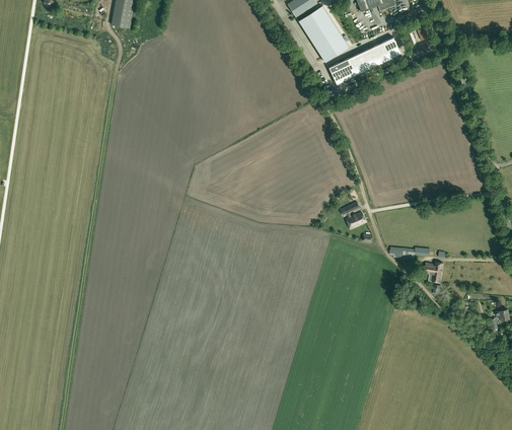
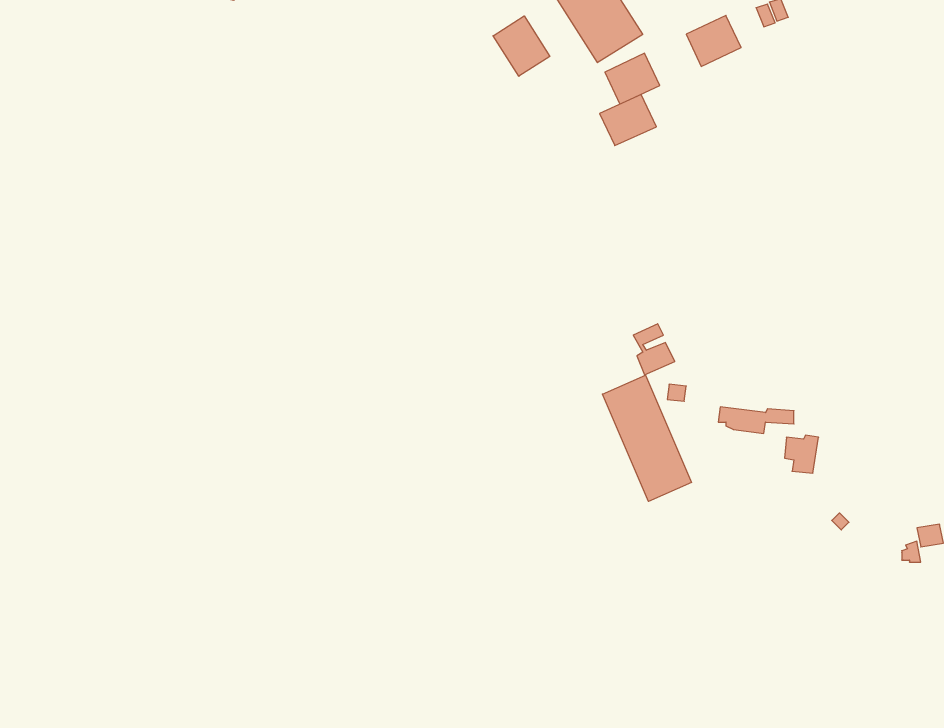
building: none -> [493,16,550,76]
building: [350,47,380,74] -> [600,95,656,146]
building: none -> [602,375,692,501]

